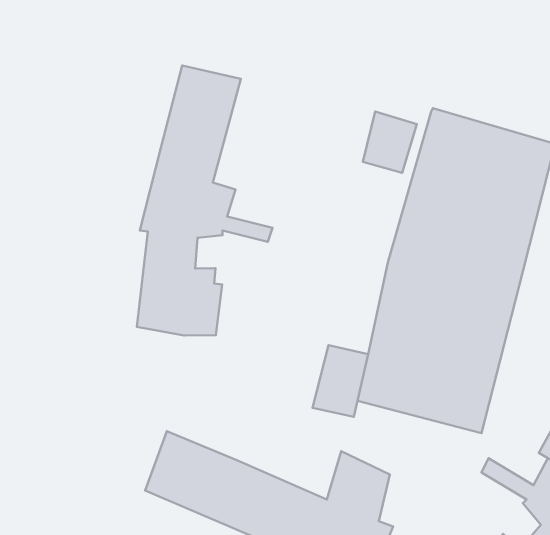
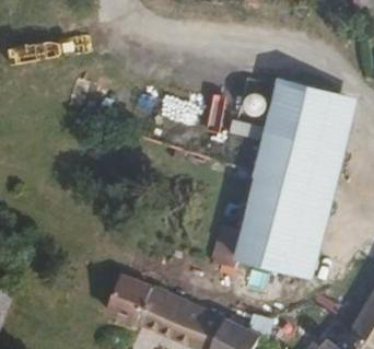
building: [137,66,272,336] -> none

